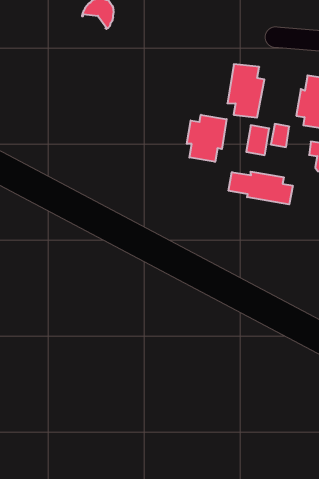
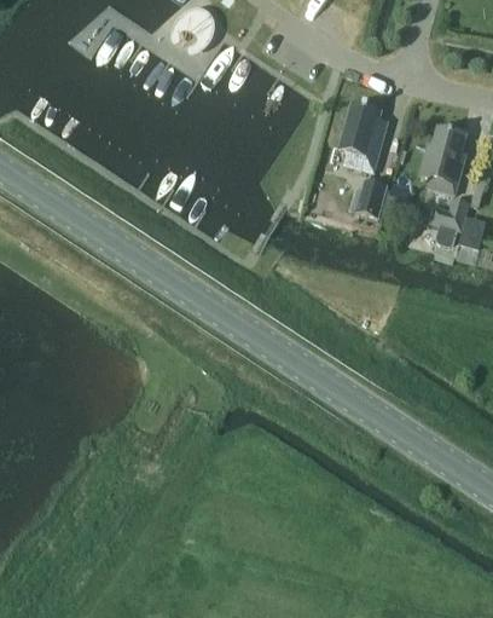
building: [187,115,227,162] -> none
building: [229,172,293,204] -> none

